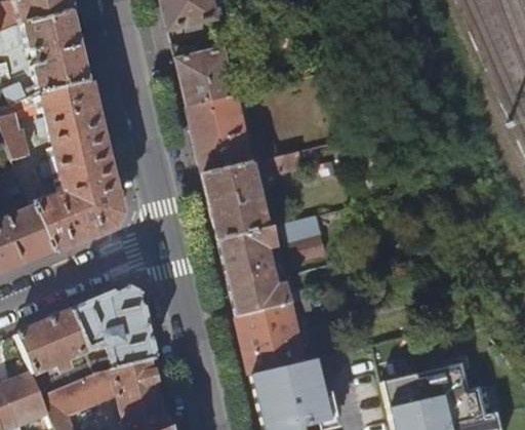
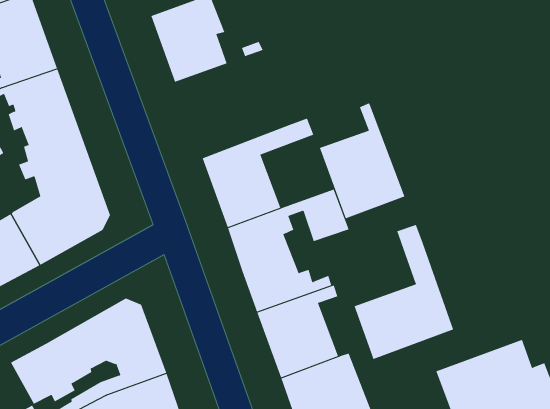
building: [188,95,283,175] -> none
building: none -> [319,103,405,219]
building: none -> [354,224,454,360]

